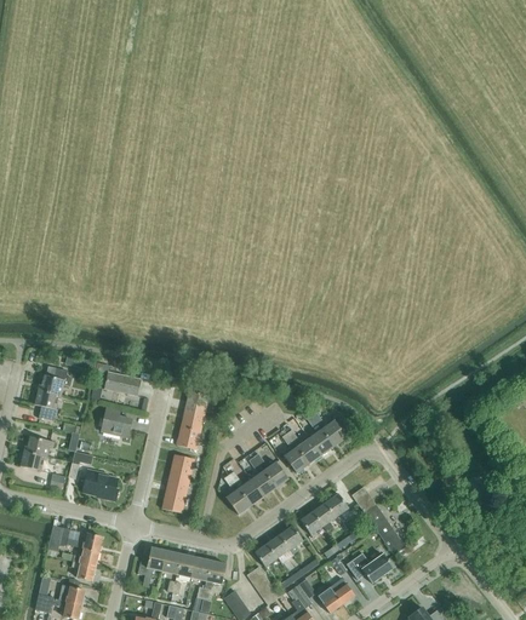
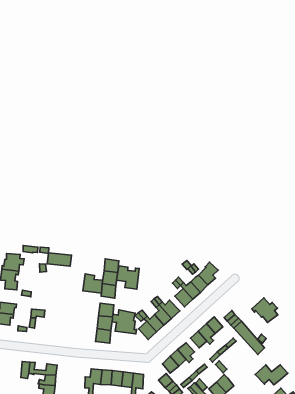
building: none -> [117,266,139,289]
building: [101,407,131,437] -> [83,274,103,293]
building: none -> [112,310,136,334]
building: [85,472,118,500] -> none
building: none -> [252,298,278,323]
building: [345,552,393,582] -> [255,365,288,385]

